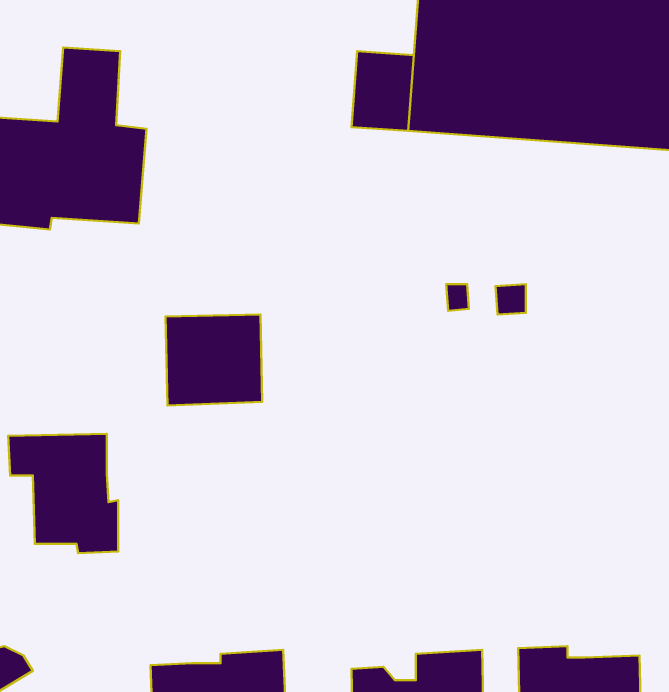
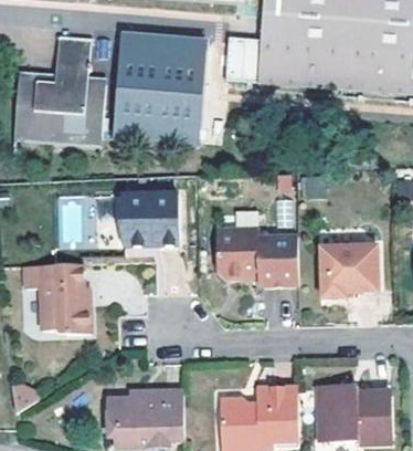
building: none -> [110,29,202,141]
building: none -> [220,227,300,285]
building: none -> [324,243,380,297]

